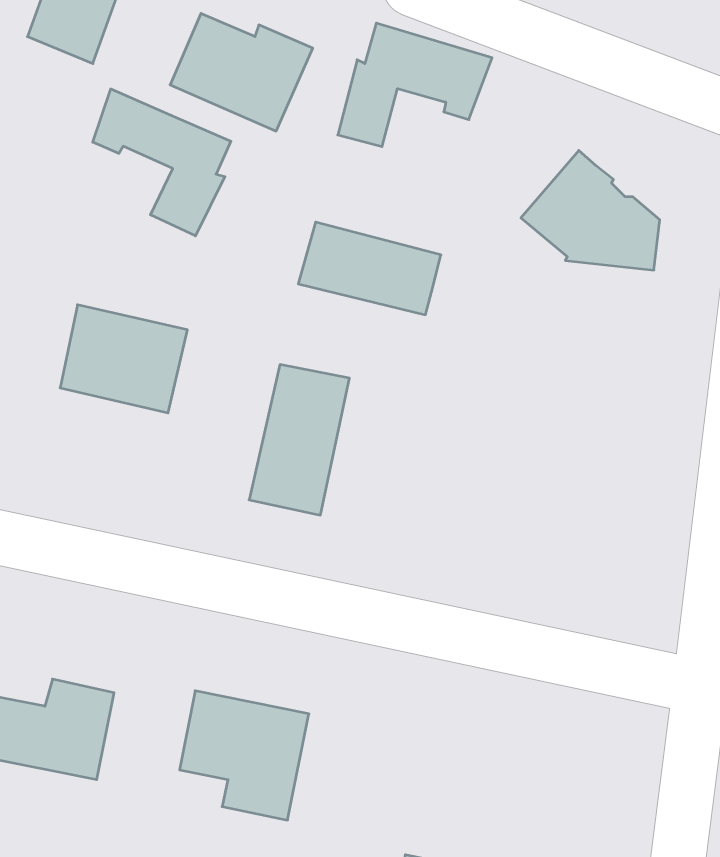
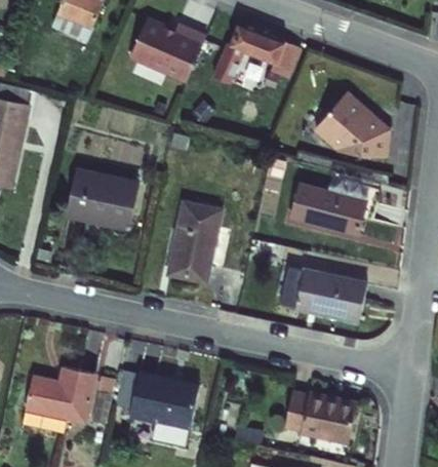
building: [93,89,231,236] -> none
building: [298,222,441,315] -> [289,179,365,228]
building: none -> [282,266,368,320]
building: none -> [281,393,355,442]

